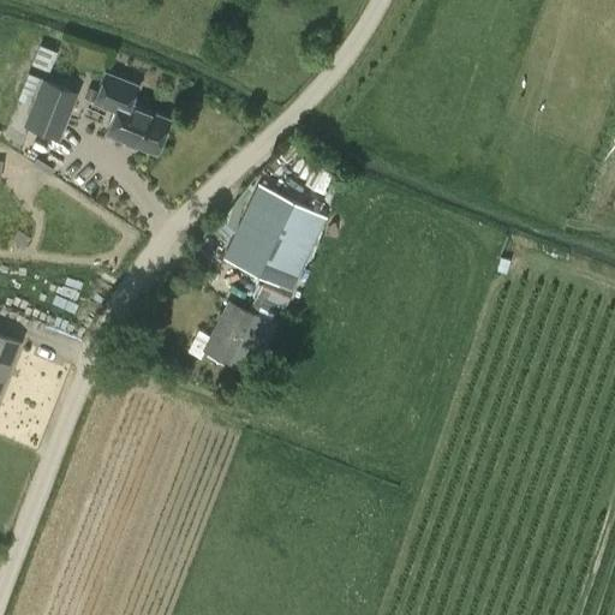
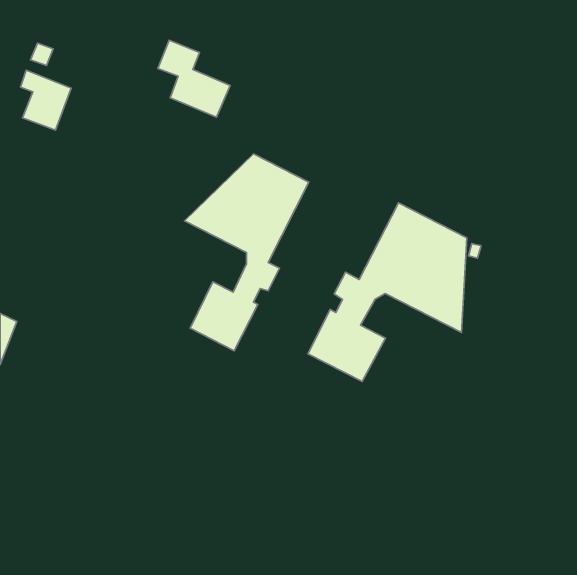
building: [92,74,169,156] -> [158,40,230,117]
building: none -> [308,203,467,382]

